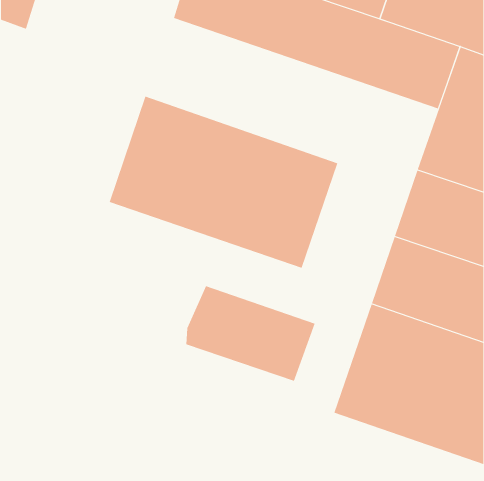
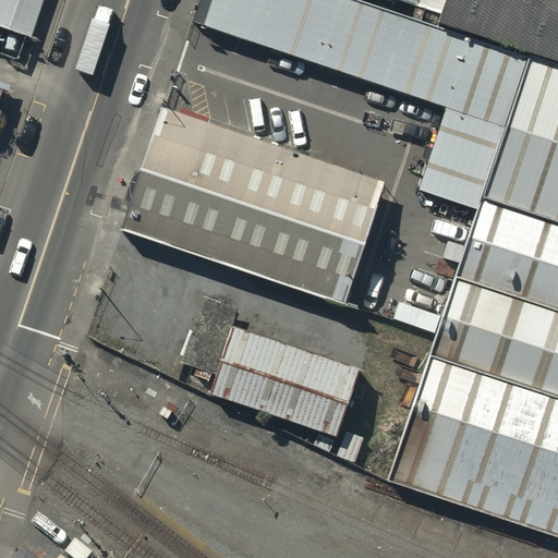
building: none -> [422,107,505,209]
building: none -> [183,295,241,377]

